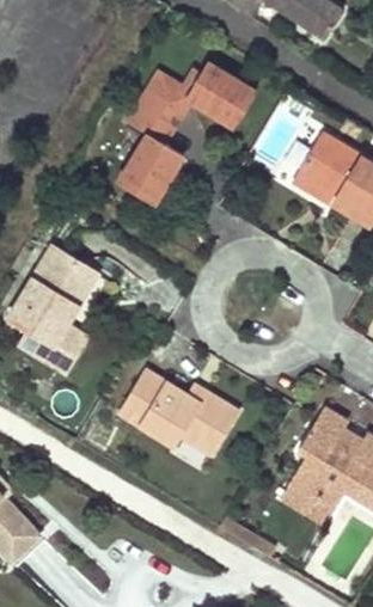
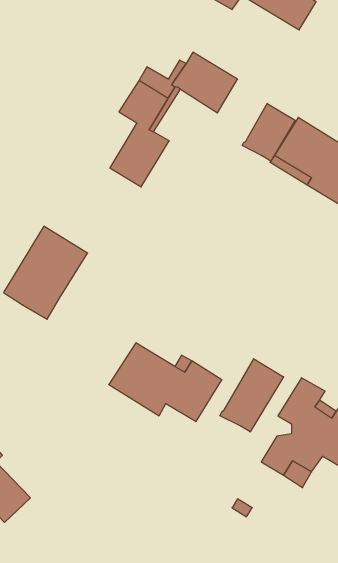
building: none -> [242,103,295,161]
building: [18,323,87,373] -> none
building: none -> [220,359,284,432]

